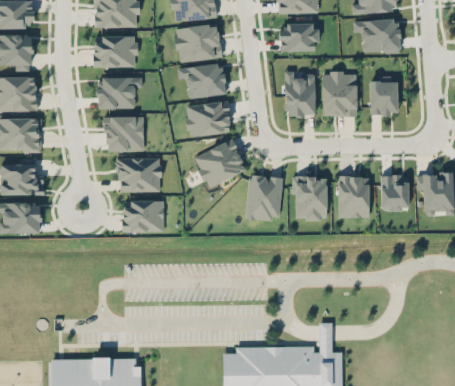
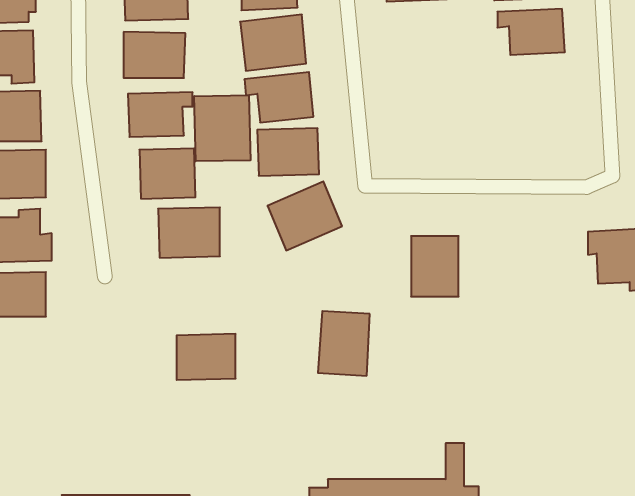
building: [280,23,317,51] -> none
building: [285,71,316,116] -> none
building: [322,72,357,115] -> none
building: [369,78,398,114] -> none
building: none -> [194,95,250,161]
building: [246,175,282,220] -> [318,311,370,376]
building: [338,176,369,217] -> none
building: [381,176,409,209] -> none
building: [123,200,164,232] -> [177,334,236,380]

